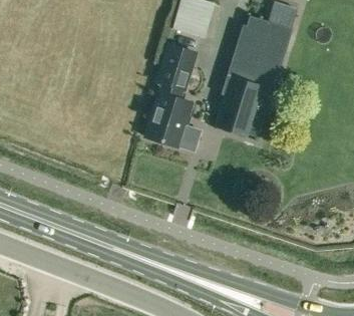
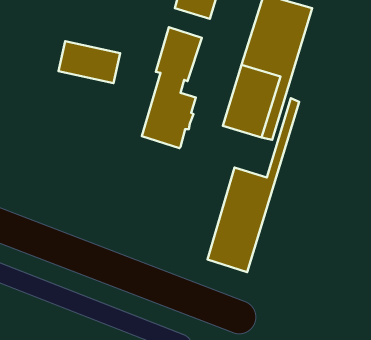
building: none -> [58,41,120,83]
building: none -> [208,98,299,272]

